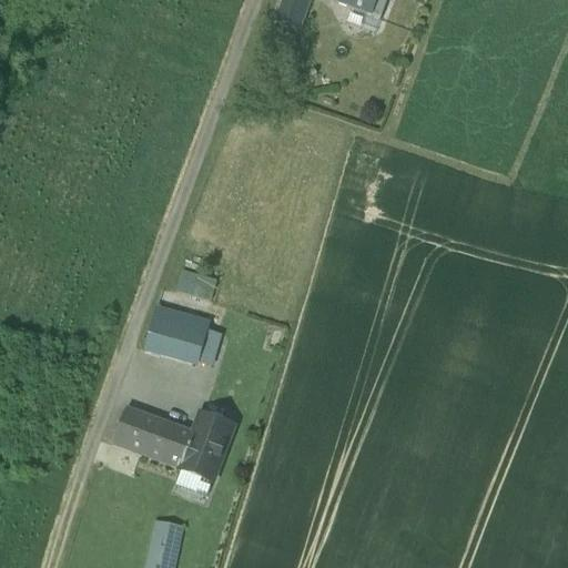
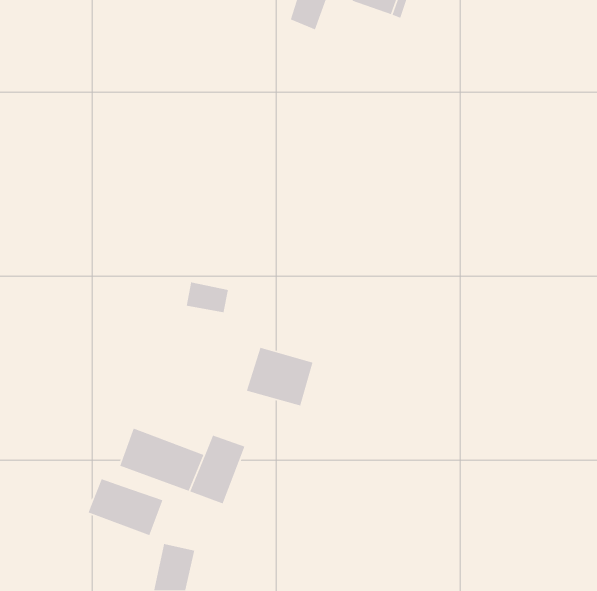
building: [144,306,209,363] -> [246,347,314,406]
building: none -> [87,478,164,536]

